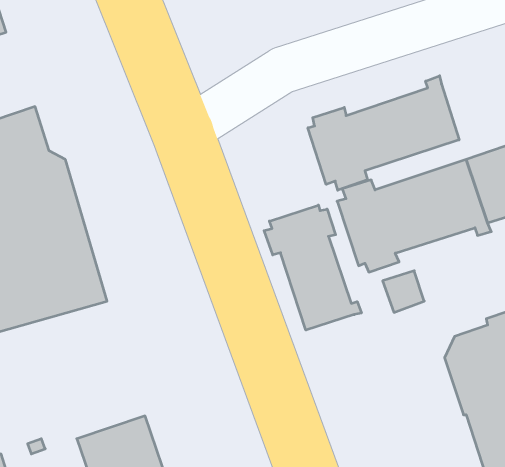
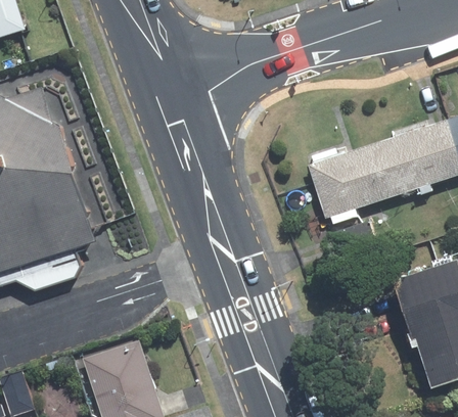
building: [308,76,459,190] -> none
building: [264,205,361,330] -> none

